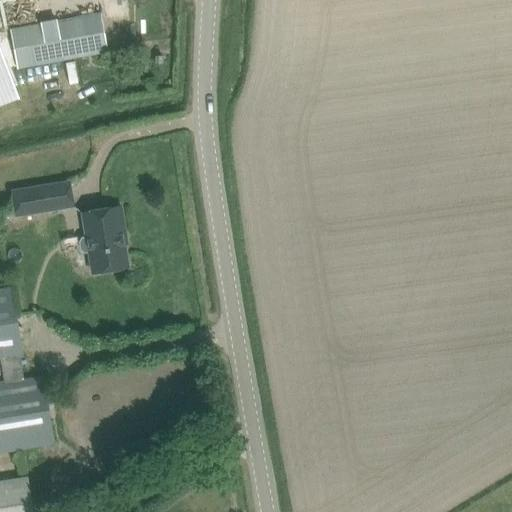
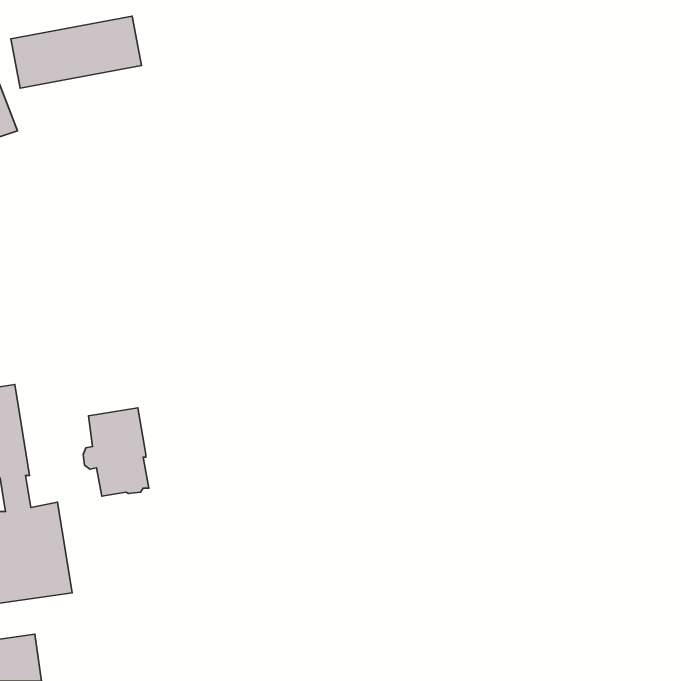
building: [11,182,72,215] -> none
building: [78,207,127,273] -> [83,408,149,496]

